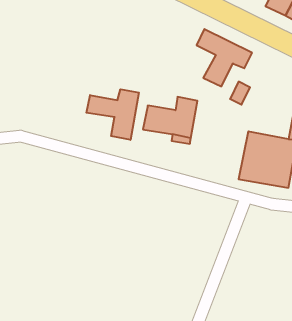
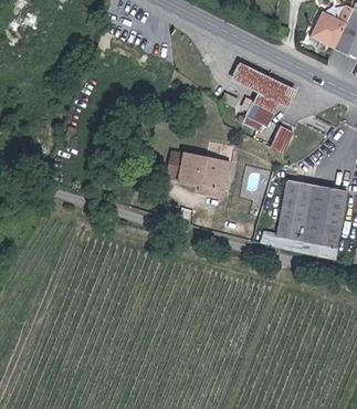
building: [86,89,139,140] -> none

